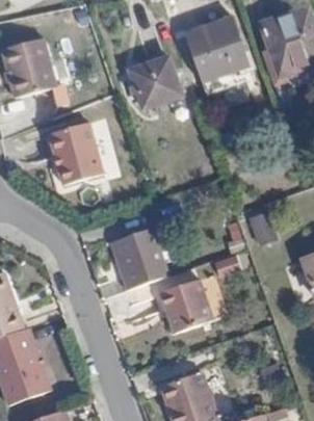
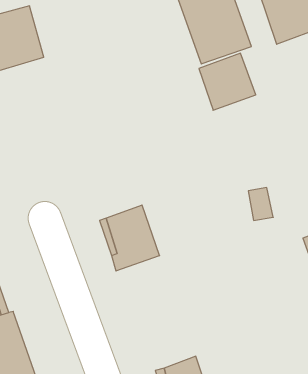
building: [128,55,182,109] -> [199,53,256,110]
building: [50,123,105,185] -> none
building: [158,278,213,334] -> none

